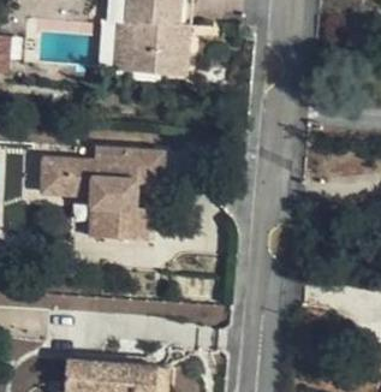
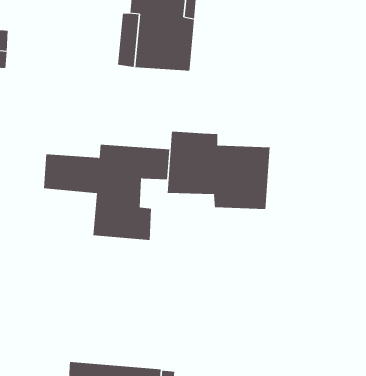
building: none -> [167,131,270,210]

